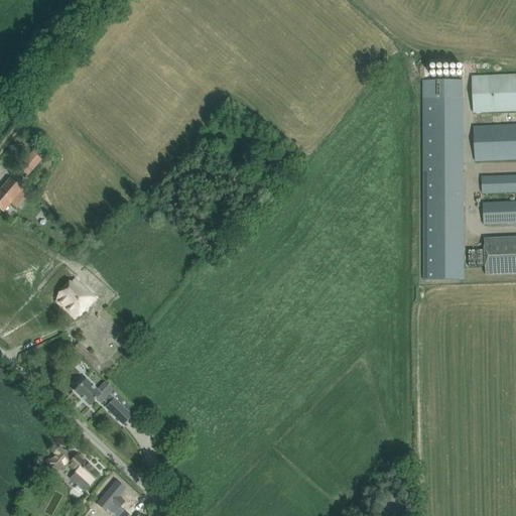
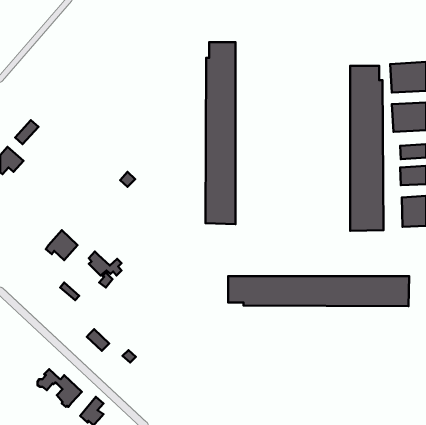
building: none -> [205,42,236,224]
building: none -> [228,276,409,306]
building: [75,375,114,404] -> [89,251,121,276]

